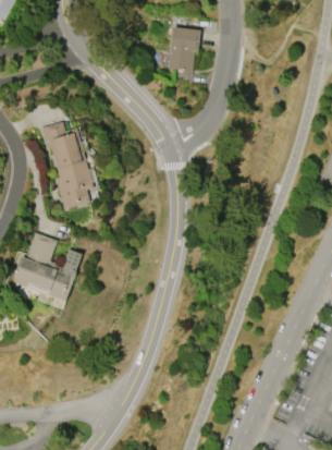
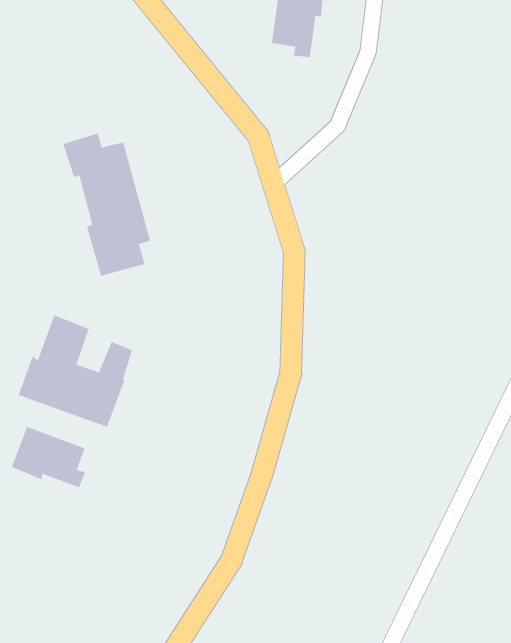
building: none -> [11,426,86,488]

